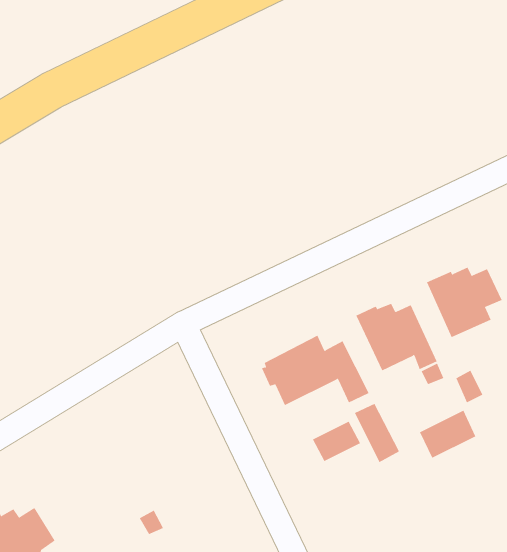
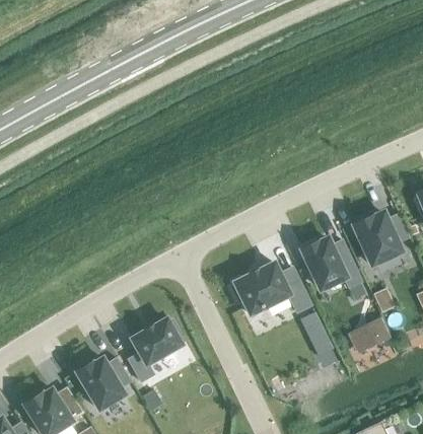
building: none -> [128,318,182,381]
building: [312,421,361,462] -> none
building: none -> [75,358,130,411]

